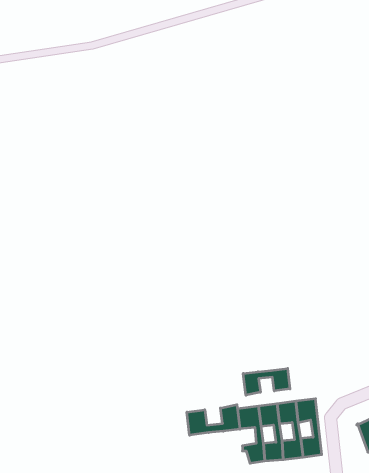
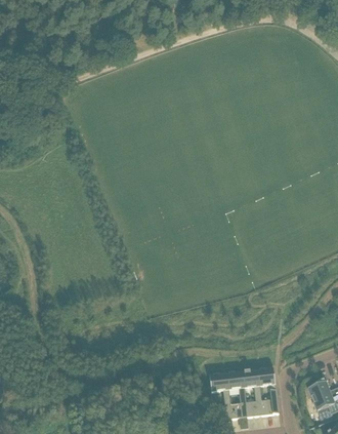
building: [243,368,290,395] -> none
building: [187,405,240,435] -> none

